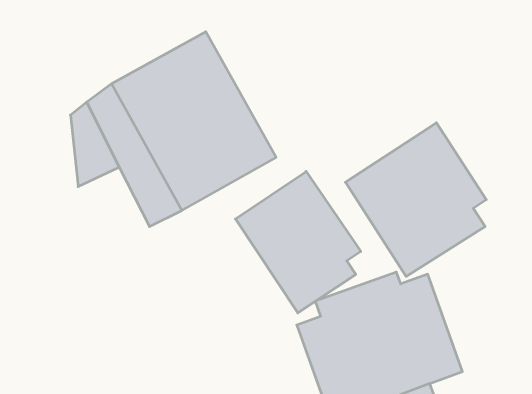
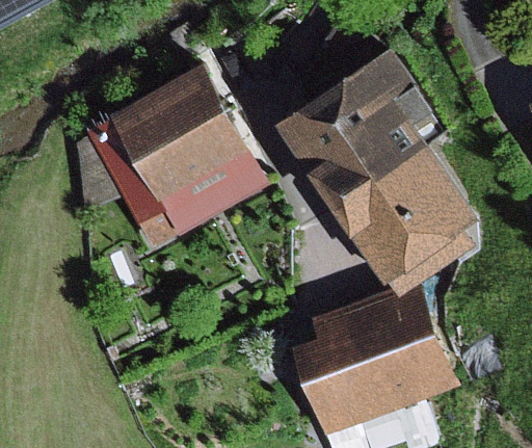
building: none -> [285,51,446,206]
building: [235,171,361,313] -> none

